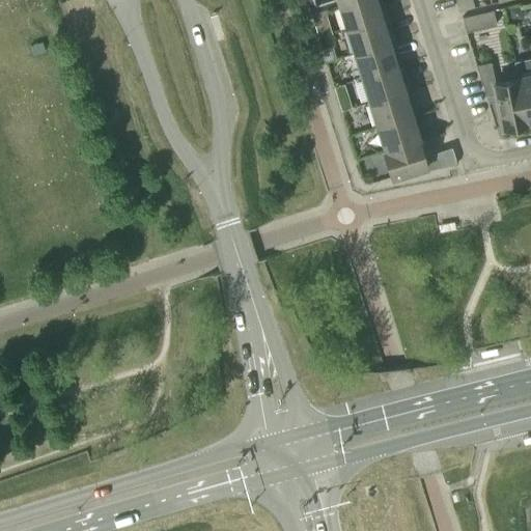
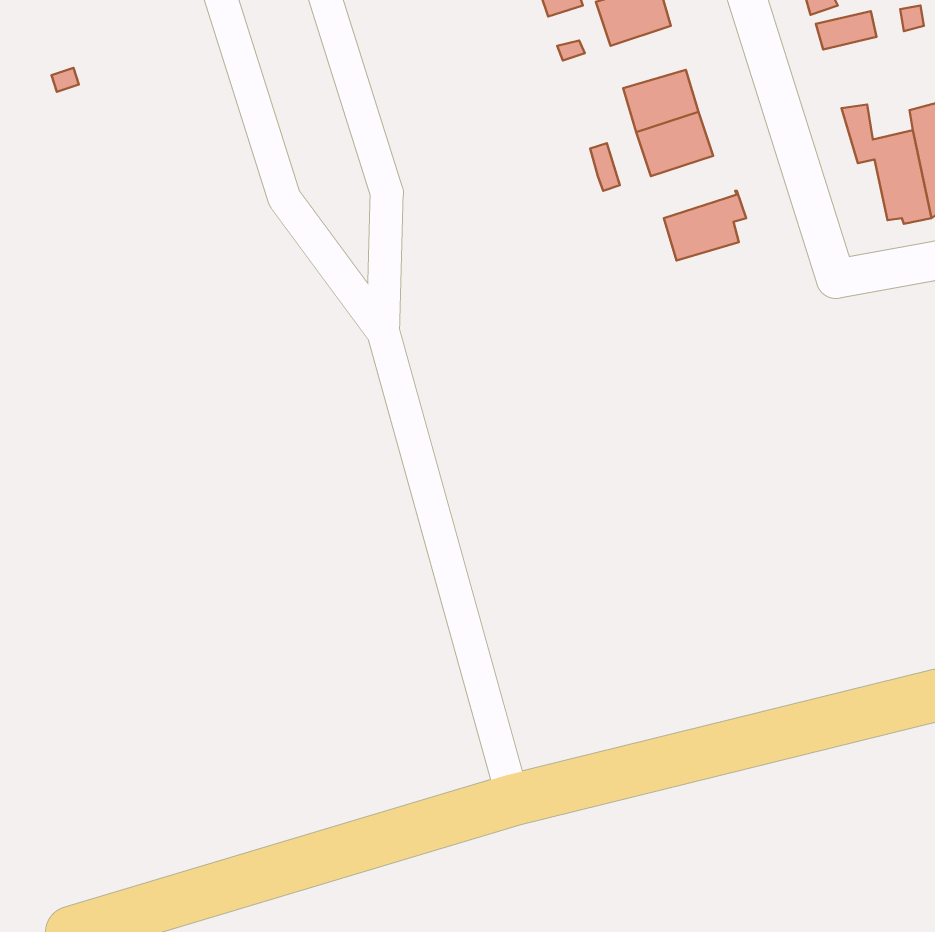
building: [346,10,392,50] -> none
building: [369,88,412,123] -> none
building: [384,137,427,173] -> none

